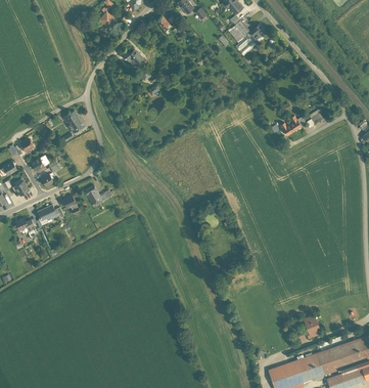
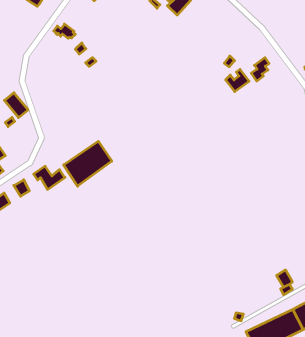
building: none -> [64,141,112,186]

